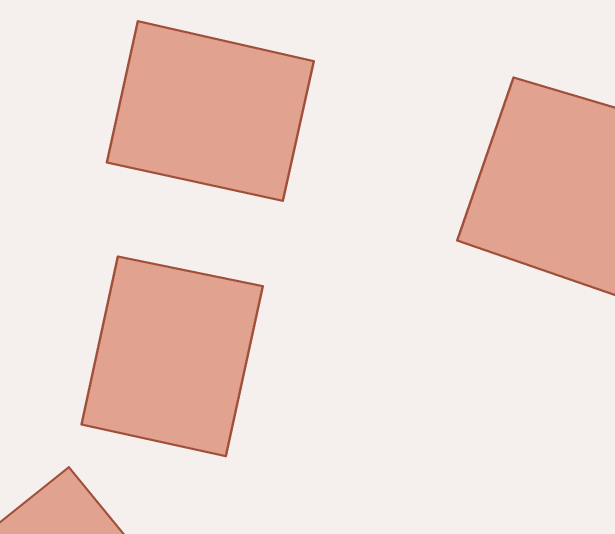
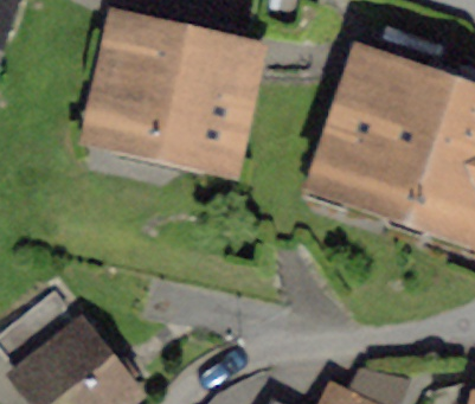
building: [81,256,263,456] -> none

